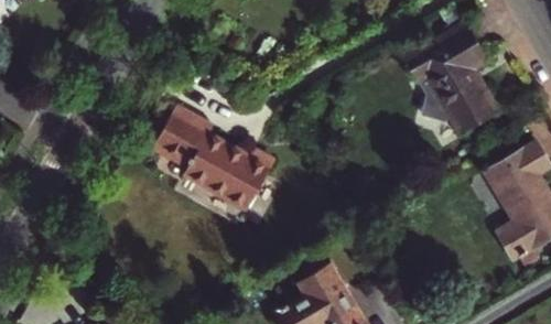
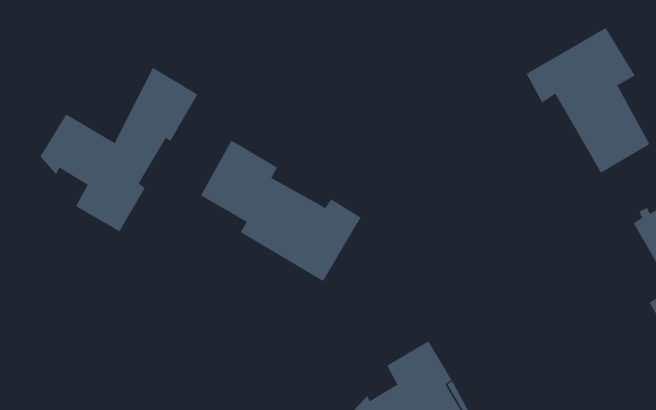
building: none -> [40,67,198,232]

